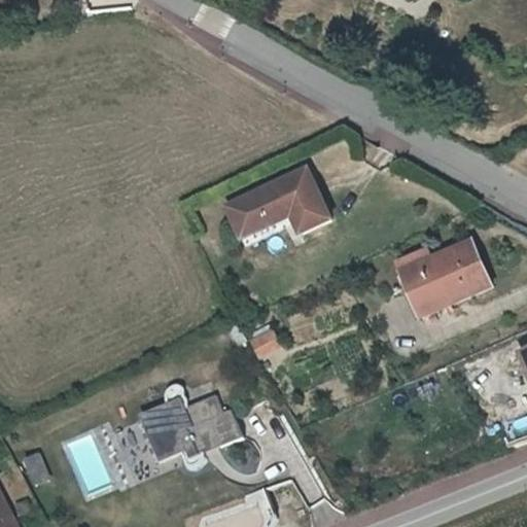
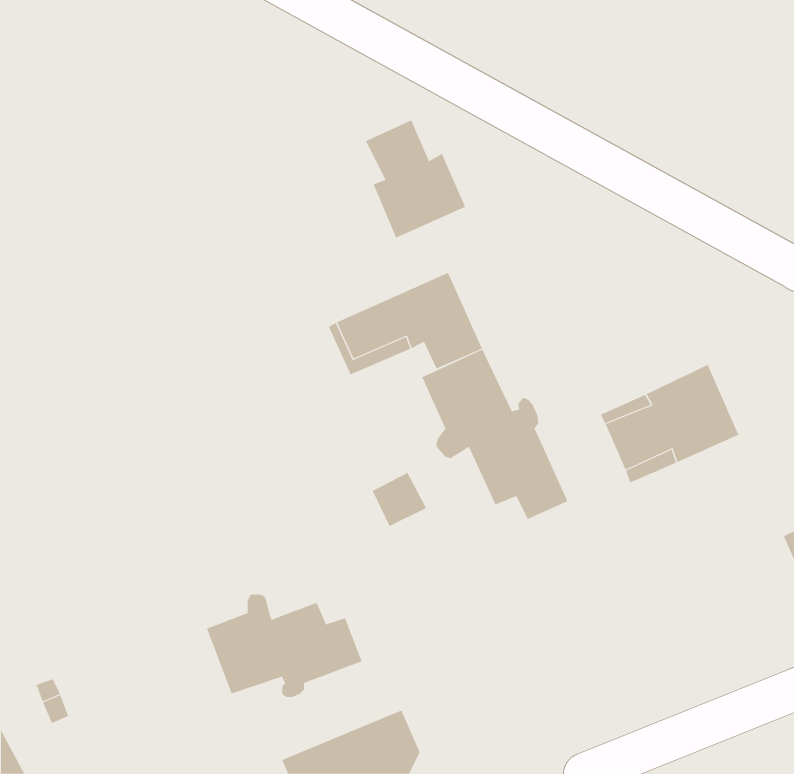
building: none -> [365,119,466,239]
building: none -> [422,349,568,520]

